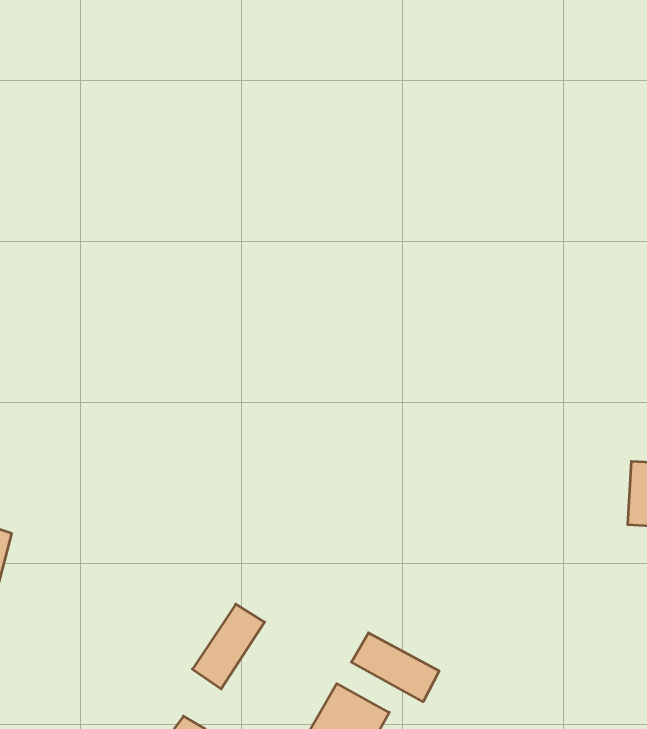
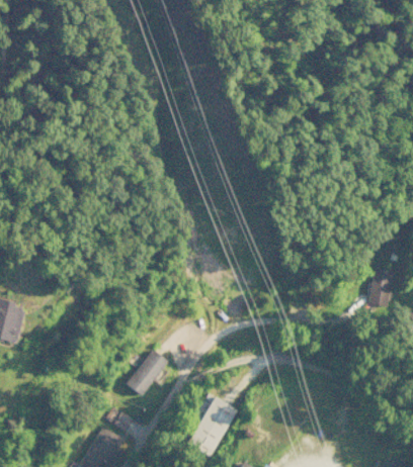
building: [351,633,439,702] -> none

